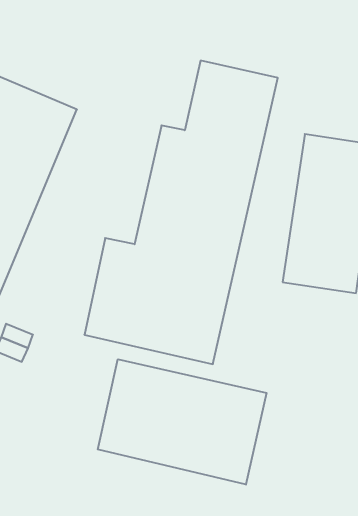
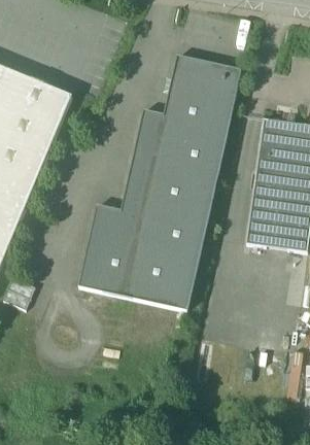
building: [98,359,267,485] -> none

